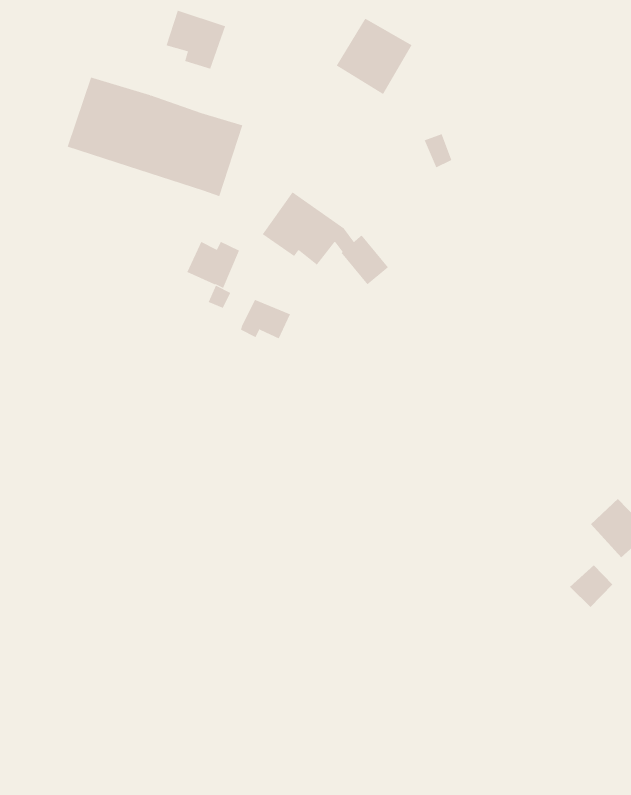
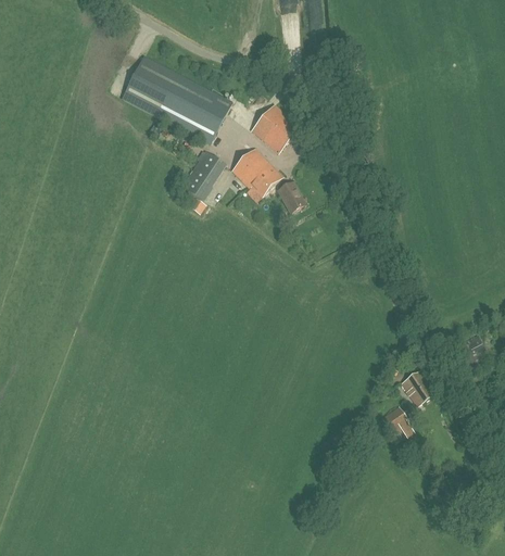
building: [166,10,226,70] -> none
building: [336,18,412,95] -> [251,104,300,153]
building: [240,299,291,339] -> [193,151,226,178]

